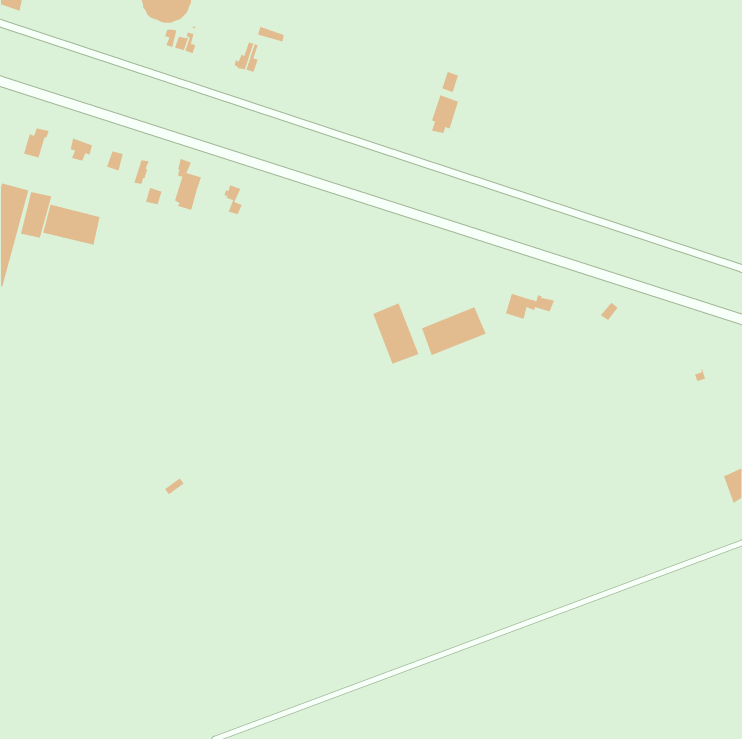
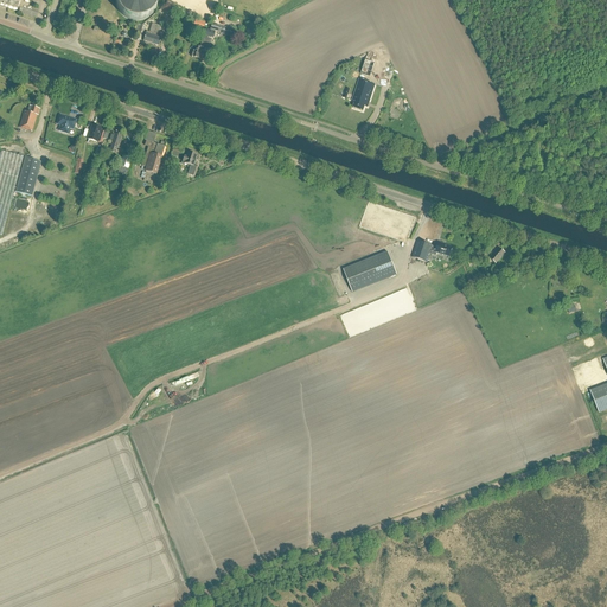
building: [42,204,100,245] -> none
building: [372,302,419,364] -> none

